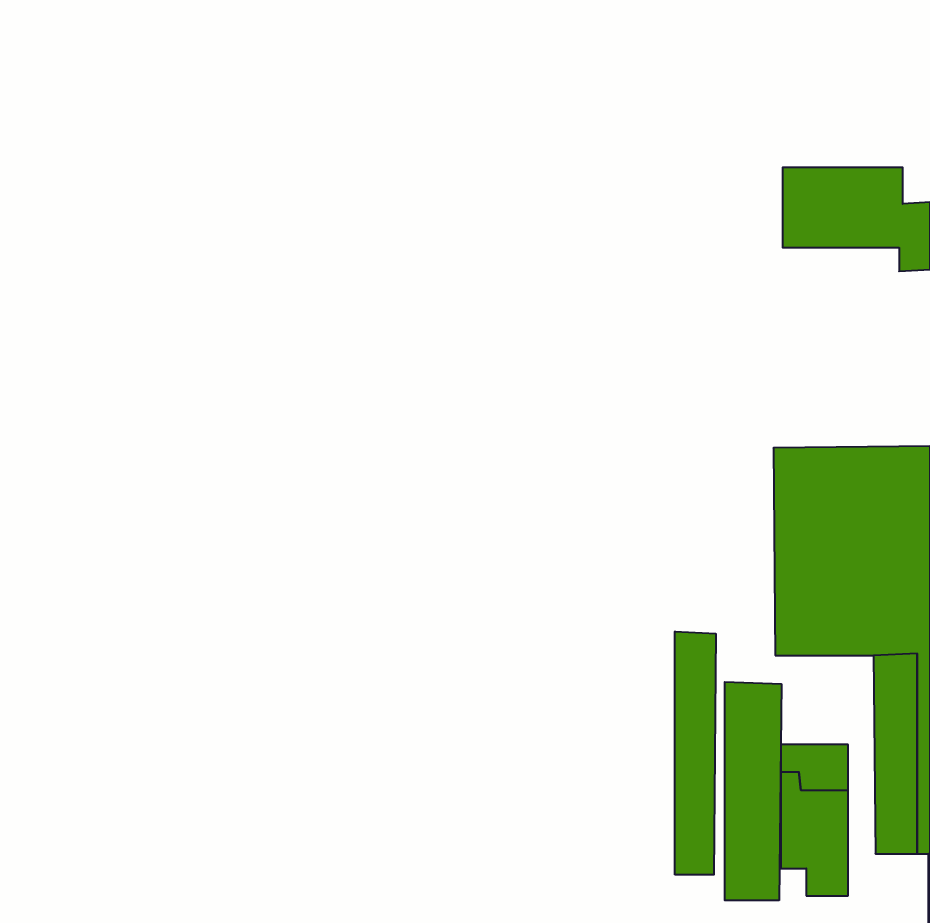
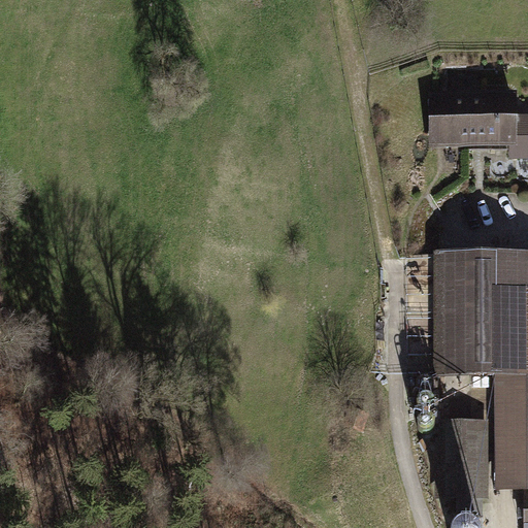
building: [675,631,716,875] -> none
building: [725,682,781,900] -> none

